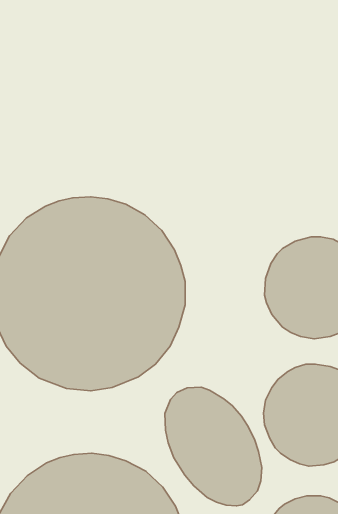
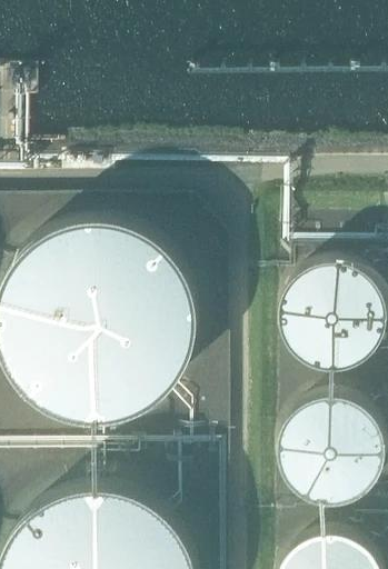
building: [165,387,262,506] -> none

